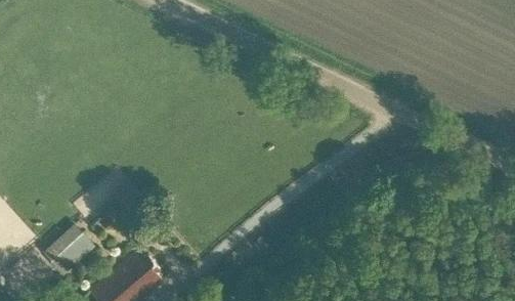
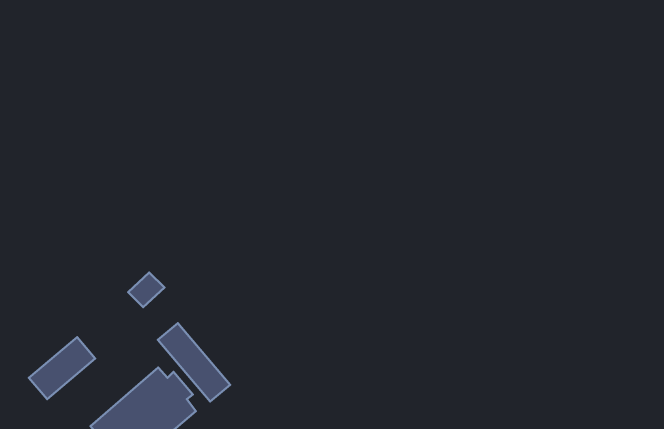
building: none -> [158,323,230,401]

